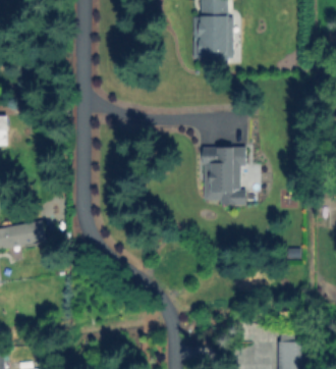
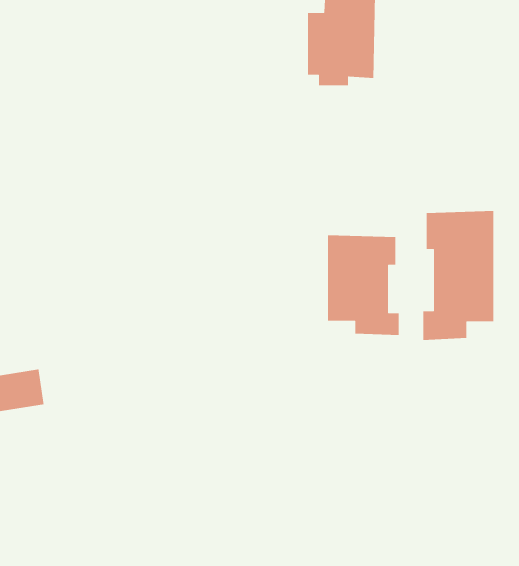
building: none -> [422,210,494,341]

